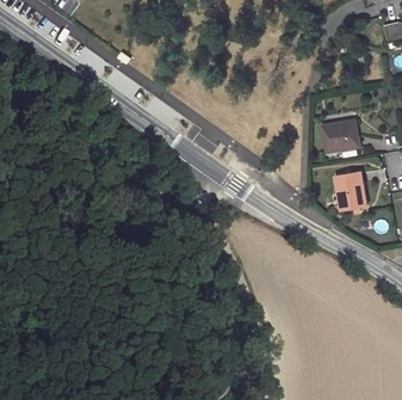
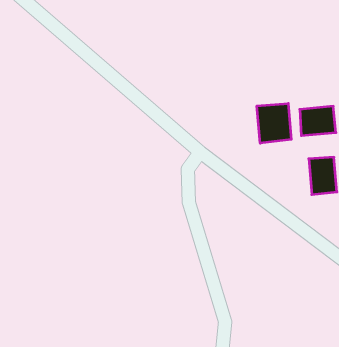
building: none -> [257,103,291,143]

